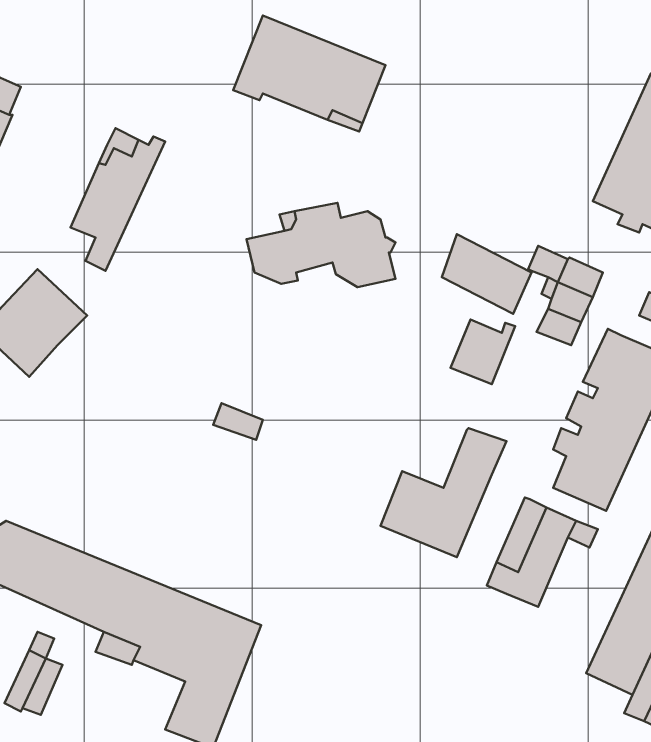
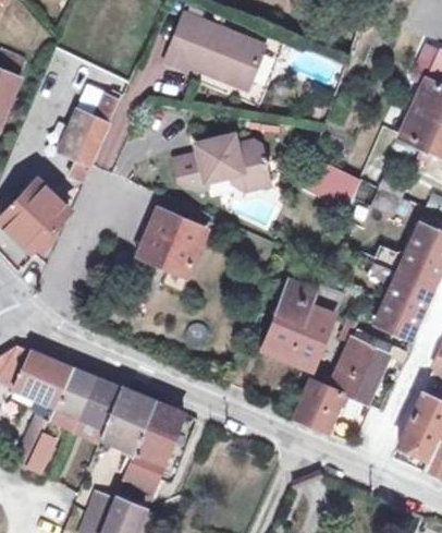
building: none -> [138,197,208,277]
building: [450,320,515,384] -> [275,281,318,324]
building: none -> [294,379,344,433]

